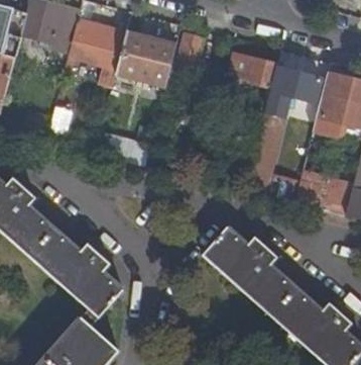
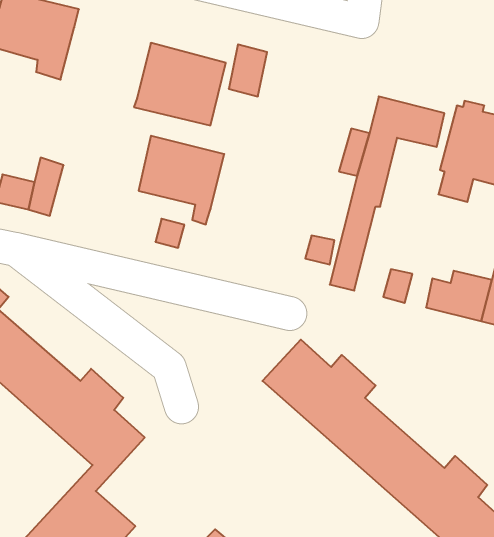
building: [71,18,127,77] -> [139,136,224,224]
building: [230,53,276,87] -> none

